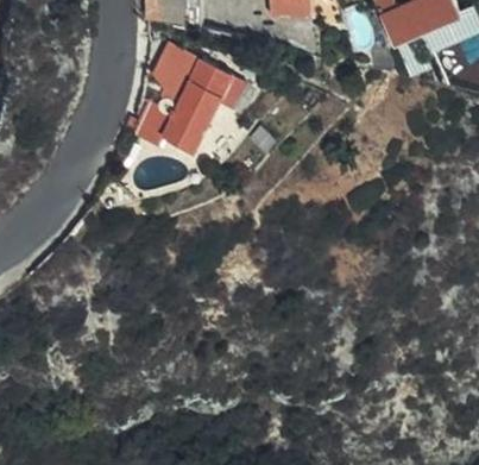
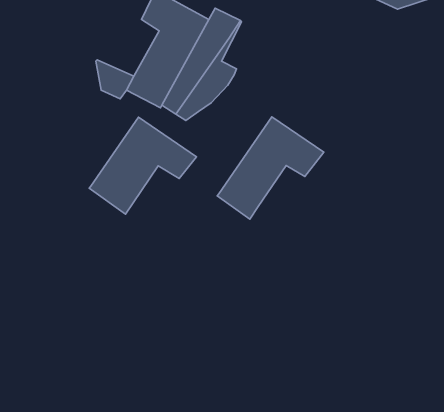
building: none -> [217,117,324,219]
building: none -> [89,117,196,214]

